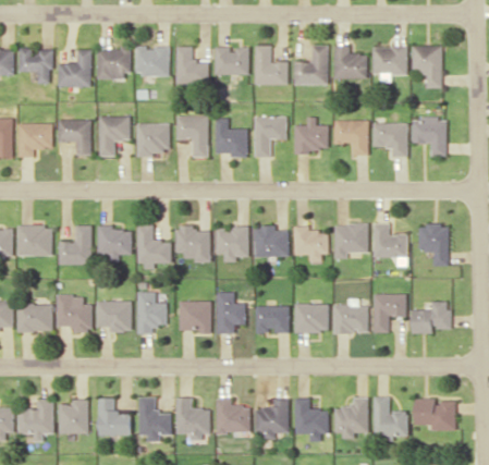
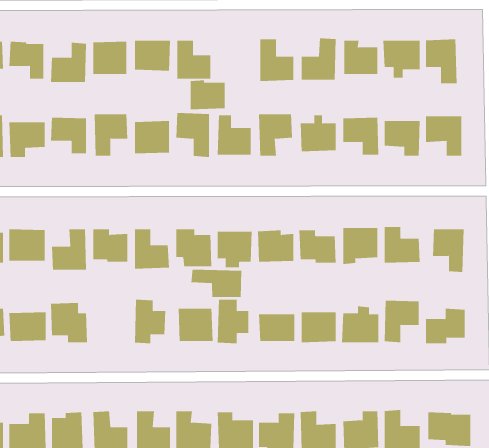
building: [216,47,249,75] -> [190,80,226,110]
building: none -> [191,269,242,298]
building: [96,301,132,332] -> none

